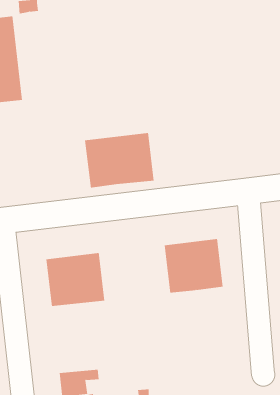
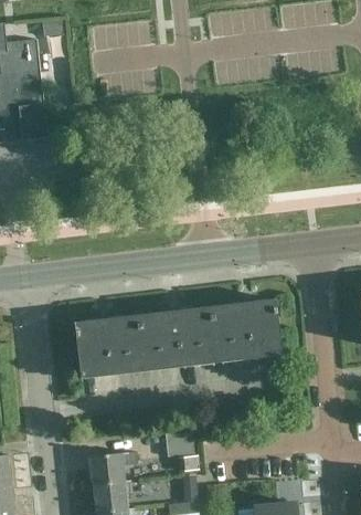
building: [84,132,154,188] -> [138,306,220,371]
building: none -> [166,431,195,455]

